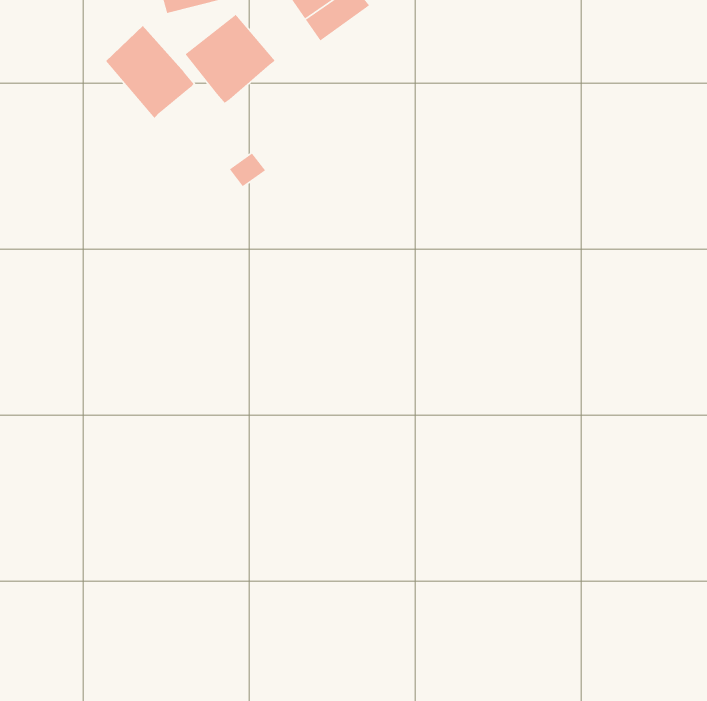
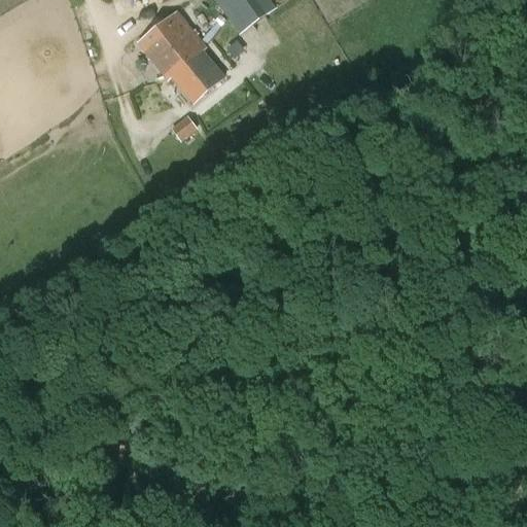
building: [105,25,195,119] -> none
building: none -> [171,48,223,100]

